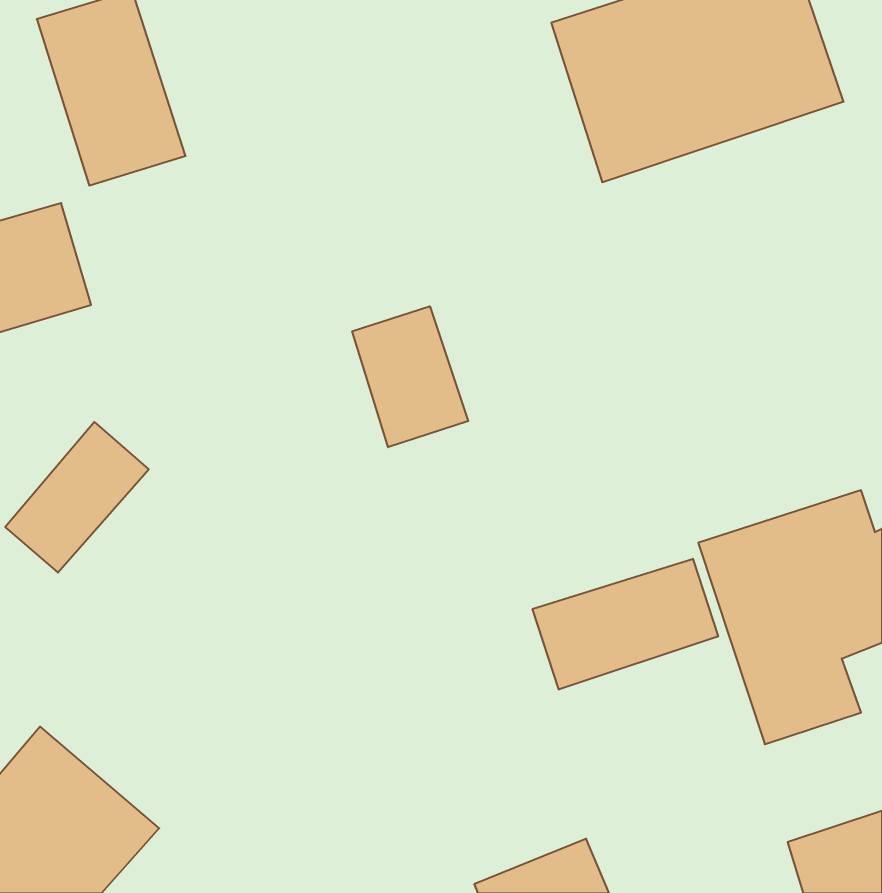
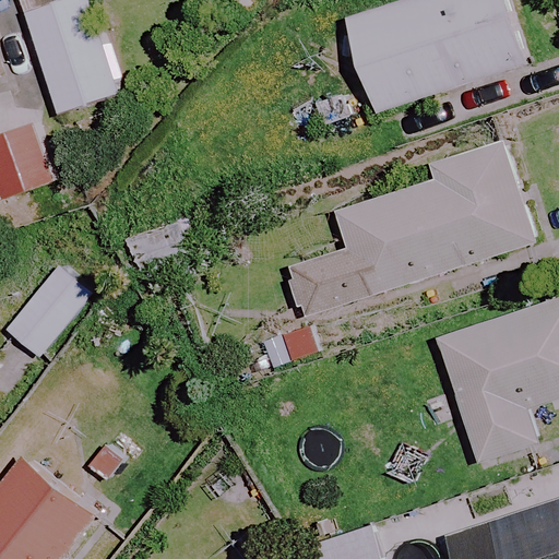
building: none -> [287,144,535,317]
building: [352,306,468,447] -> none
building: [533,559,718,690] -> none

